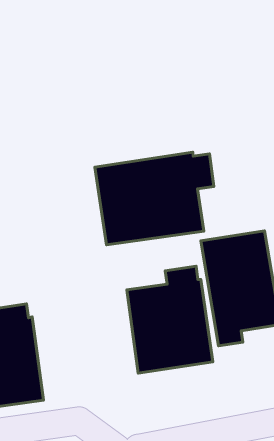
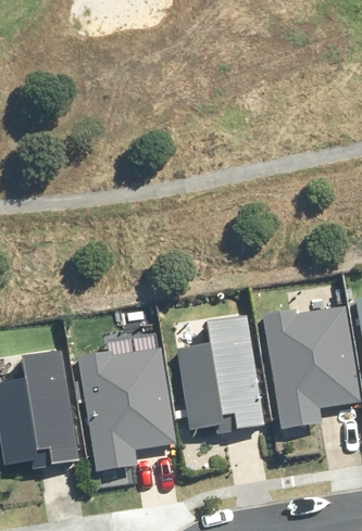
building: [95,152,214,245] -> none
building: none -> [80,364,182,489]

